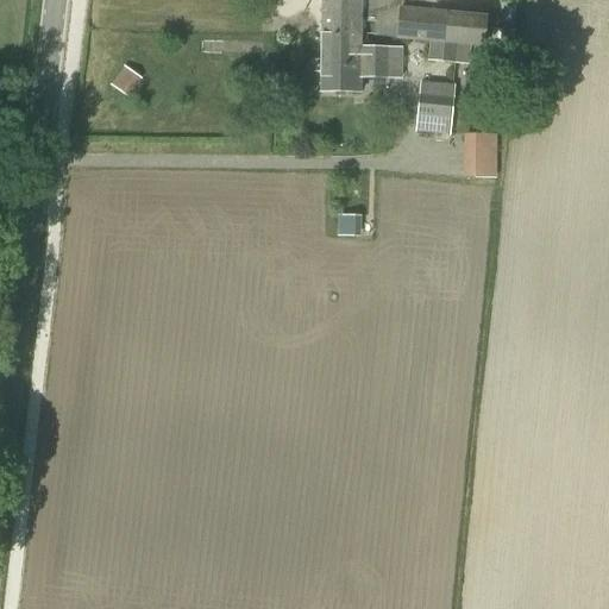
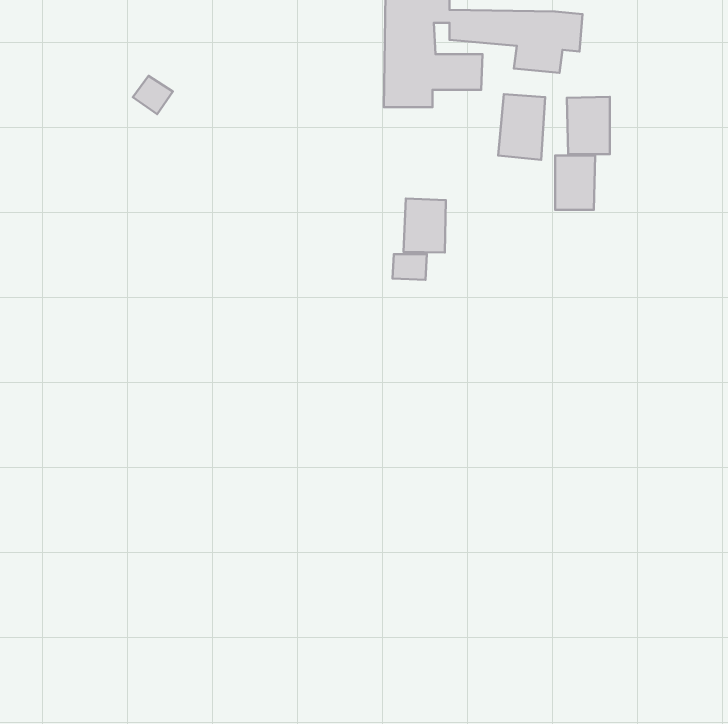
building: none -> [567,97,610,154]
building: none -> [403,198,446,252]

